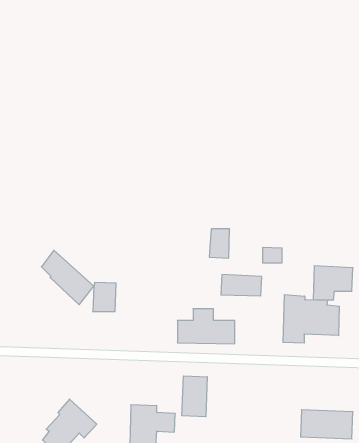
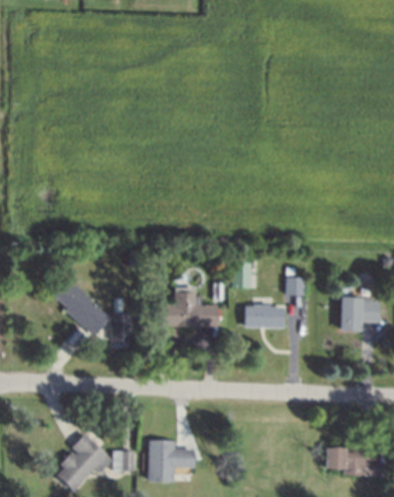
building: [283,295,339,343] -> none
building: [177,309,235,344] -> [159,292,218,328]
building: [182,376,207,417] -> none
building: none -> [117,451,136,471]

